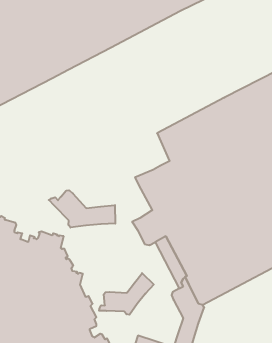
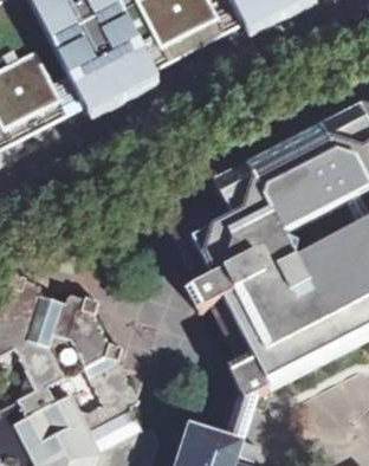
building: [49,190,115,228] -> none
building: [99,273,154,315] -> none

